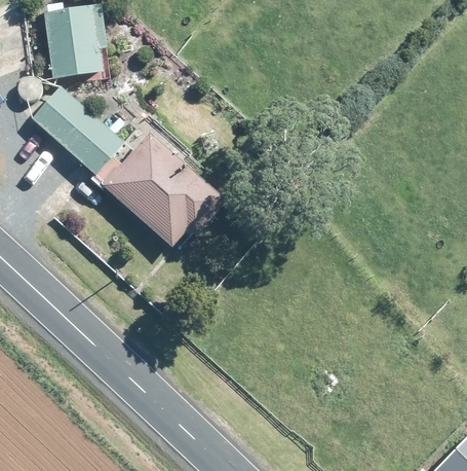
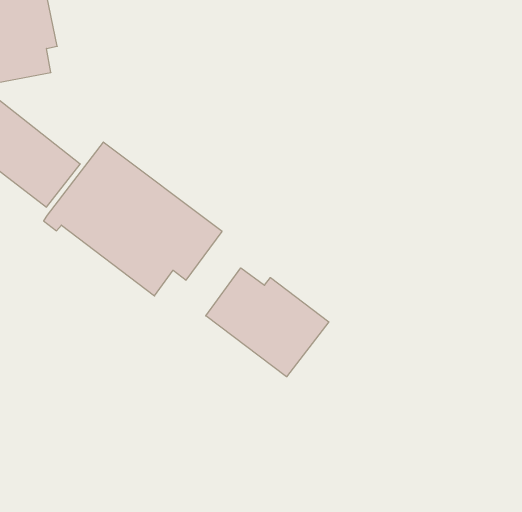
building: none -> [206,268,329,377]

